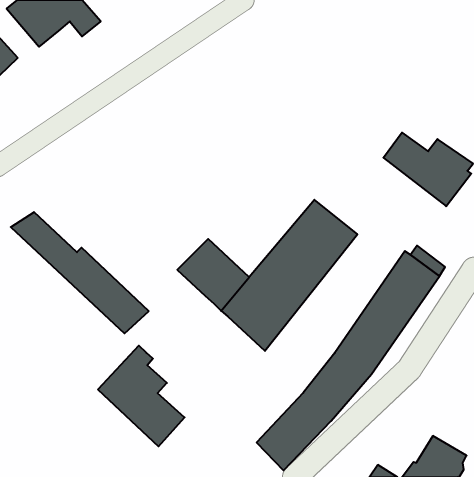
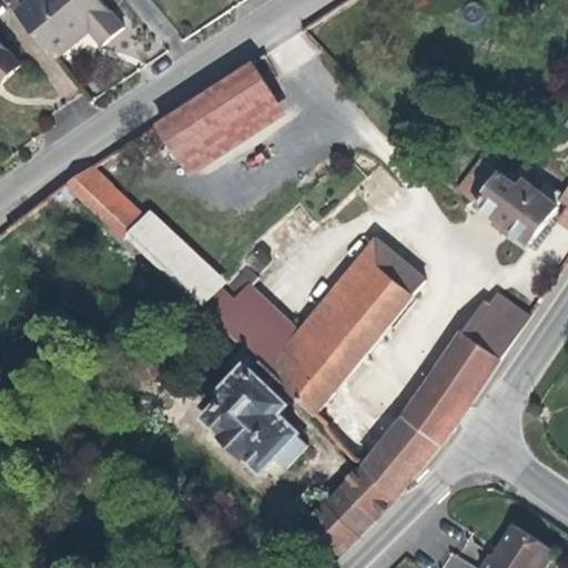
building: none -> [155,62,283,175]
building: [11,212,149,333] -> [64,166,229,311]
building: [98,346,185,446] -> [205,361,308,480]

